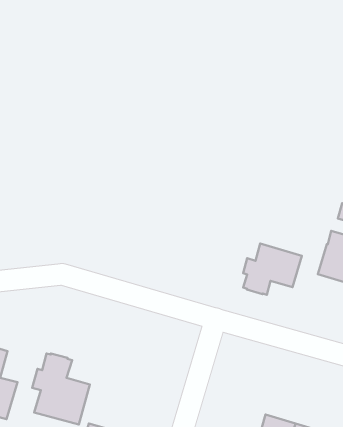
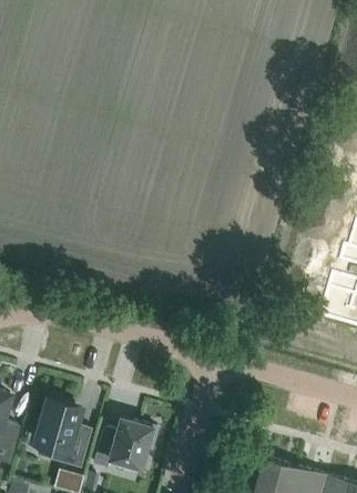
building: [243,243,302,295] -> none
building: none -> [92,413,156,463]

